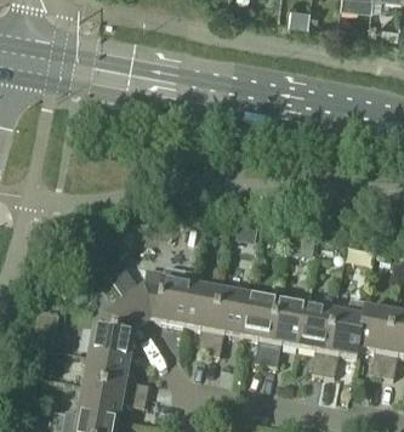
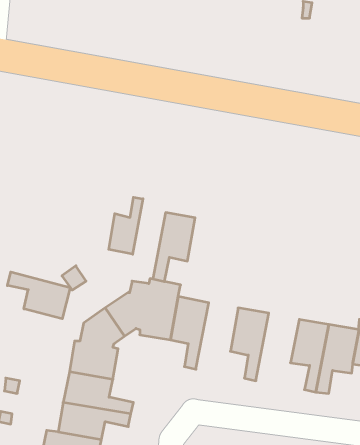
building: none -> [109,197,143,254]
building: none -> [7,272,70,319]
building: [209,290,249,356] -> [153,213,195,282]
building: [266,300,307,366] -> none

